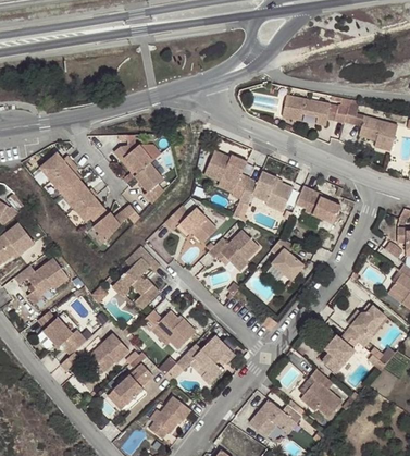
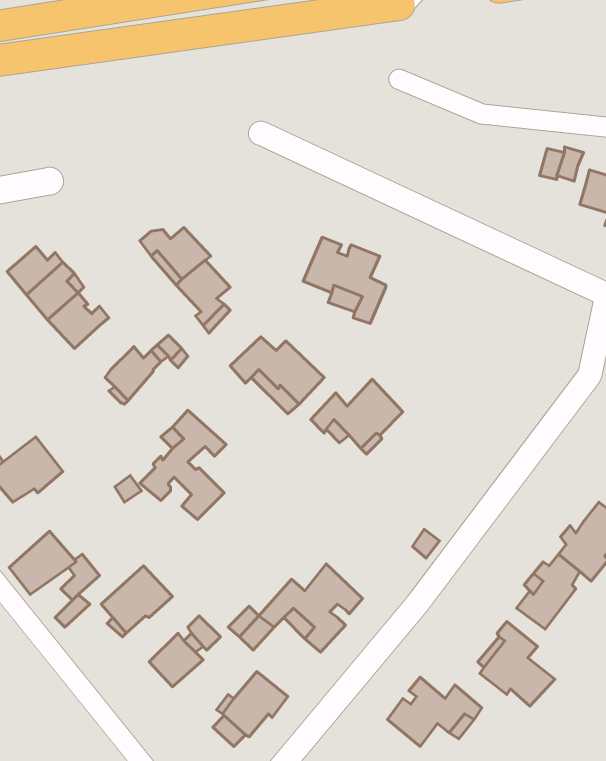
building: [282,91,333,124] -> none
building: [239,171,293,211] -> none
building: [296,185,344,223] -> none
building: [73,199,105,224] -> none
building: [271,237,307,281] -> none
building: [141,310,196,349] -> none

